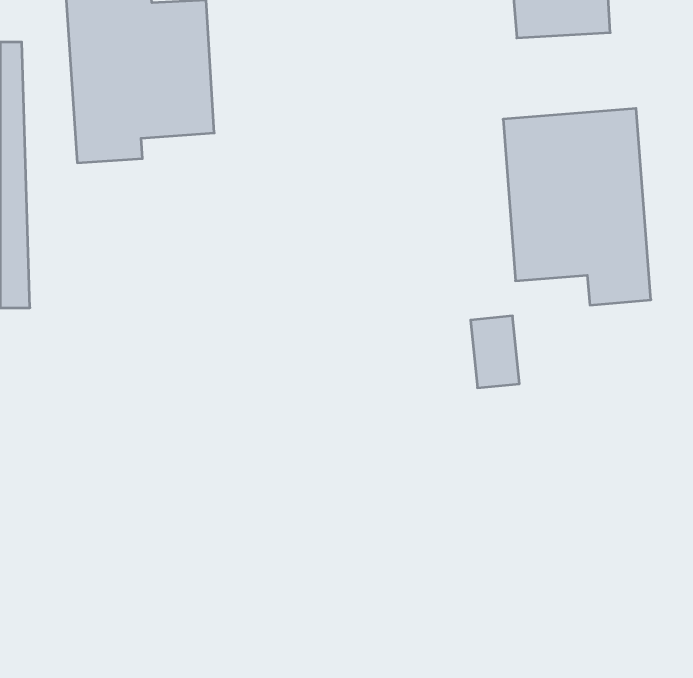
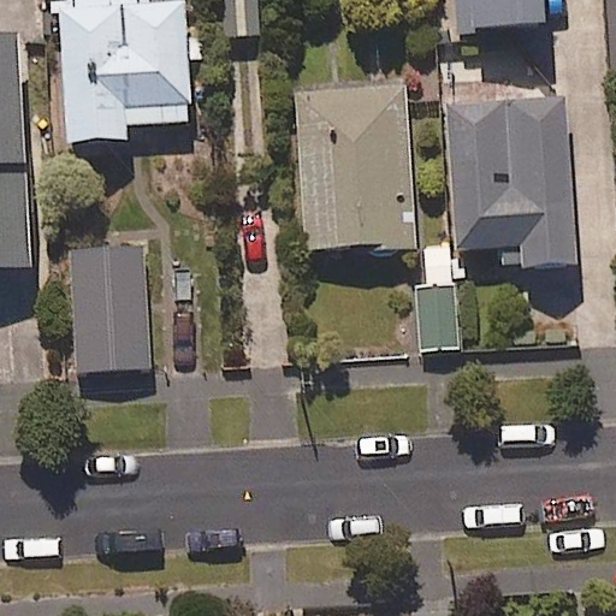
building: none -> [296,85,414,249]
building: none -> [71,242,150,368]

